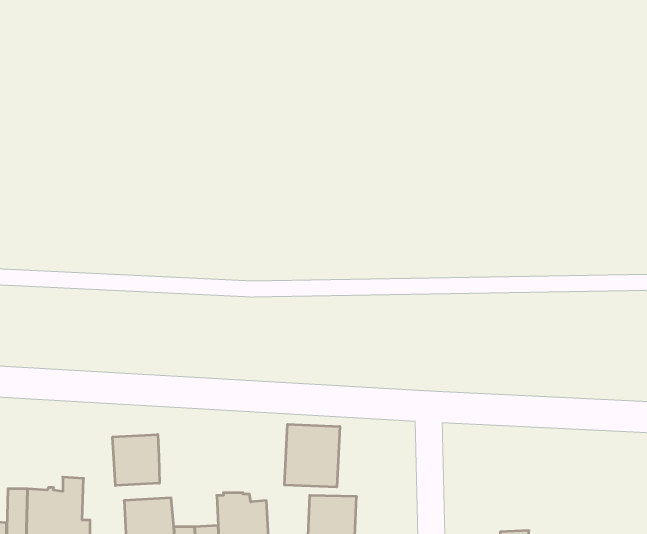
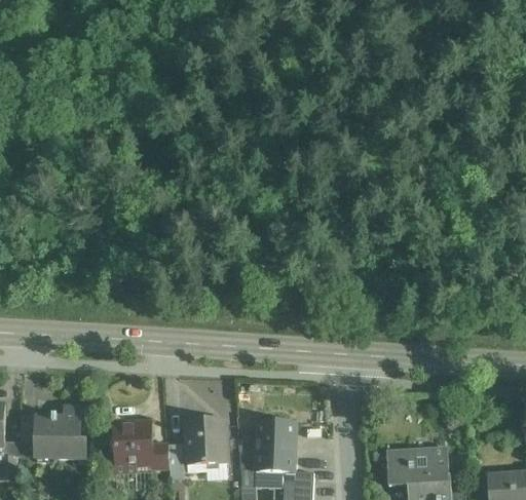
building: [285,424,340,487] -> none
building: [113,434,159,486] -> none

